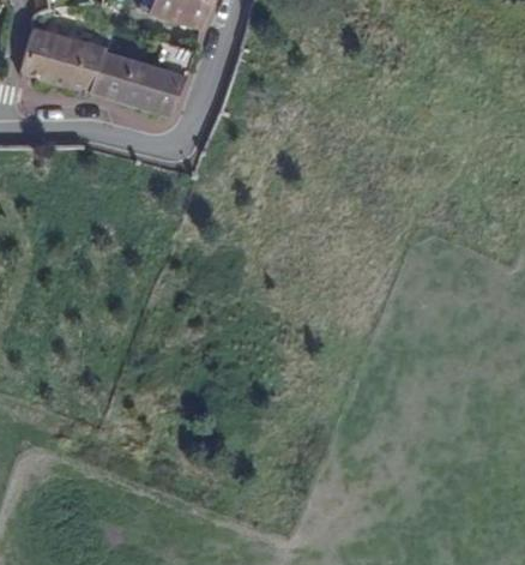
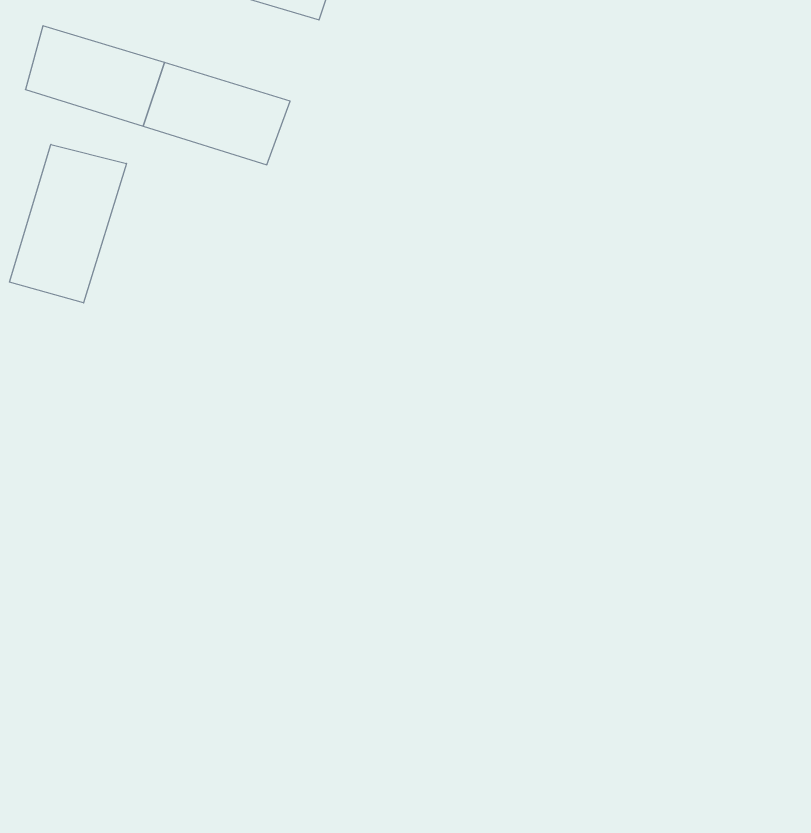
building: none -> [9,144,126,303]

